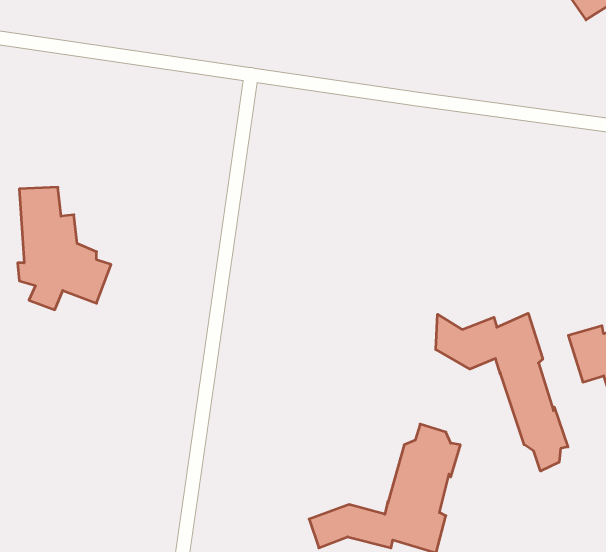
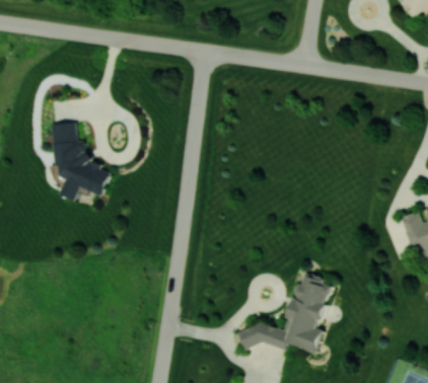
building: [436,313,568,471] -> none

